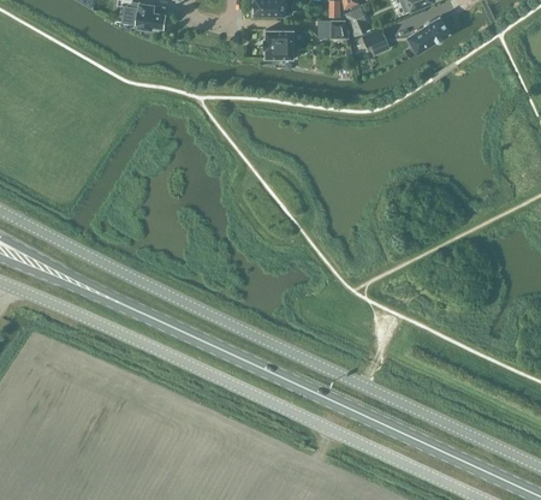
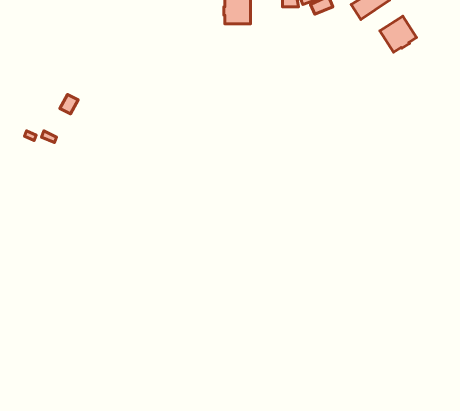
building: none -> [380,16,417,52]

